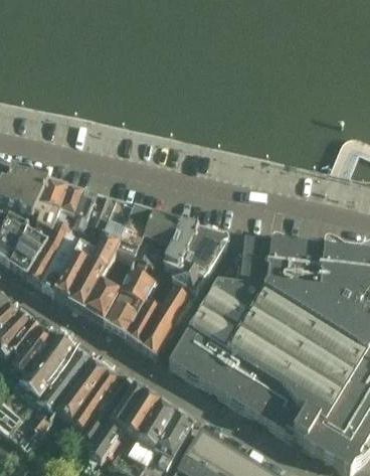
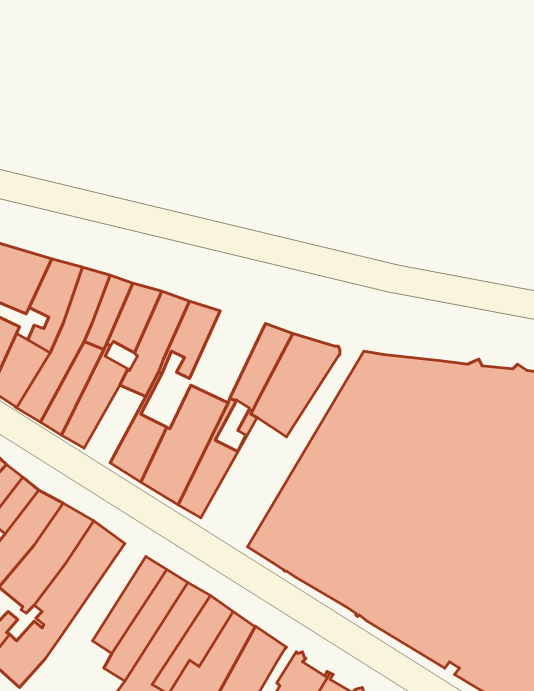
building: [132,214,179,272] -> none
building: [66,261,105,309] -> none
building: [139,281,192,354] -> none
building: [57,359,105,420] -> none

